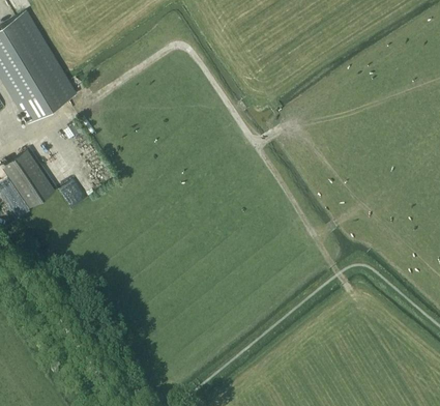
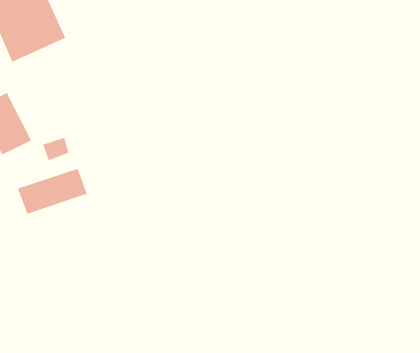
building: none -> [17,168,88,215]

